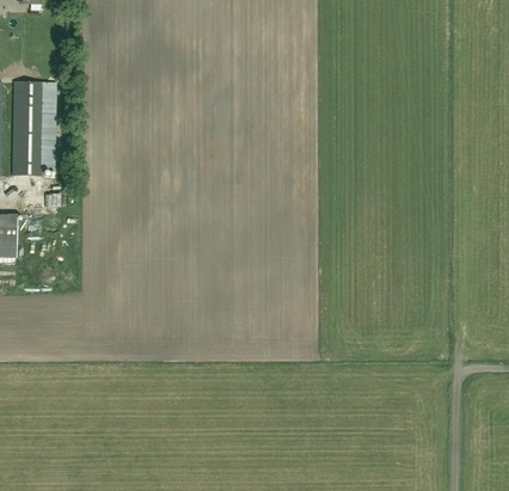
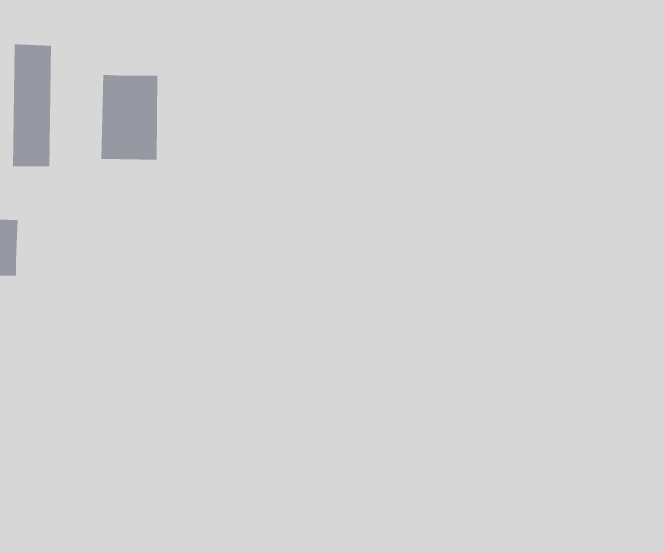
building: none -> [101,74,158,160]

